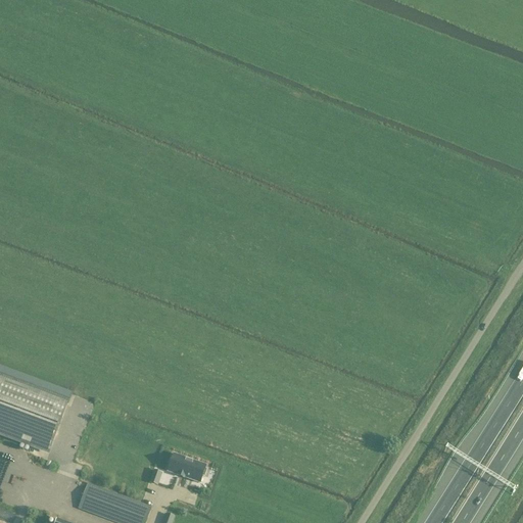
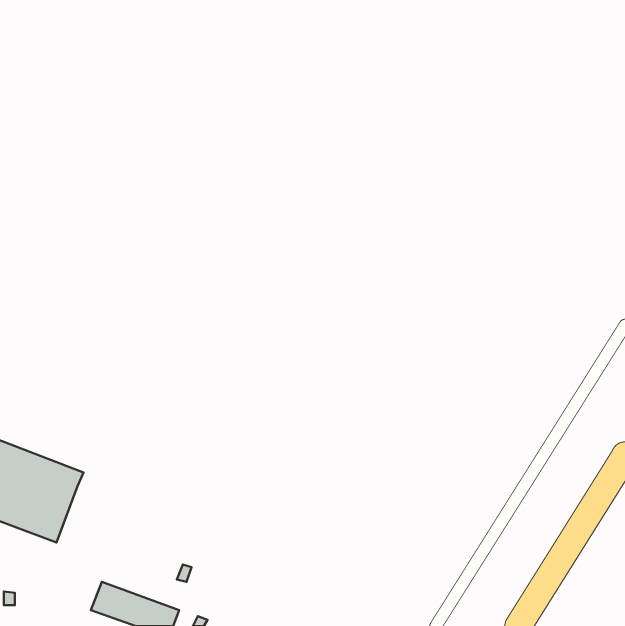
building: [165,454,204,482] -> none

